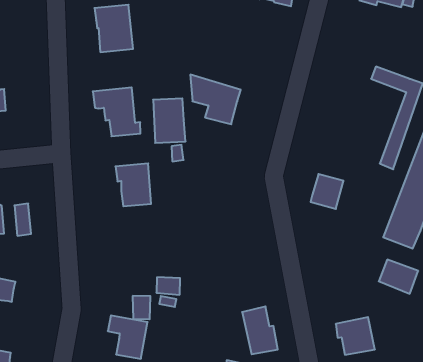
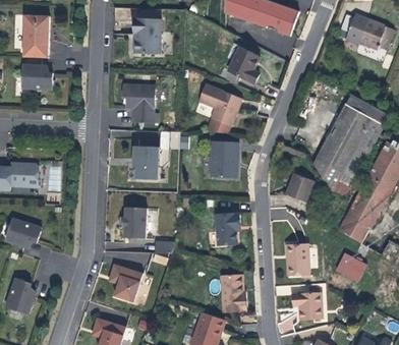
building: none -> [218,46,260,84]
building: none -> [313,103,373,194]
building: [153,98,186,143] -> [212,140,238,177]
building: none -> [216,212,239,243]
building: none -> [123,207,147,238]
building: none -> [286,242,309,274]

